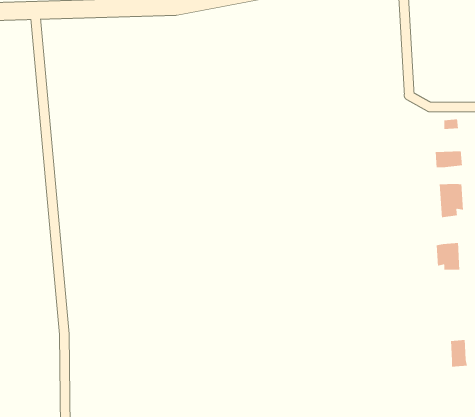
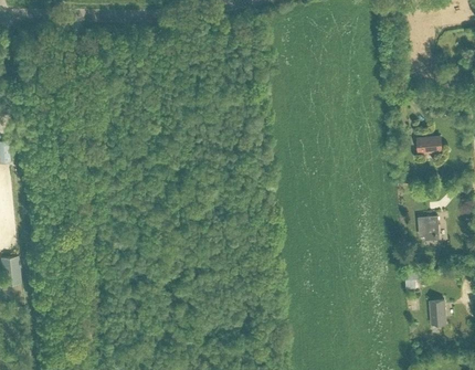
building: [439,183,464,218] -> none

